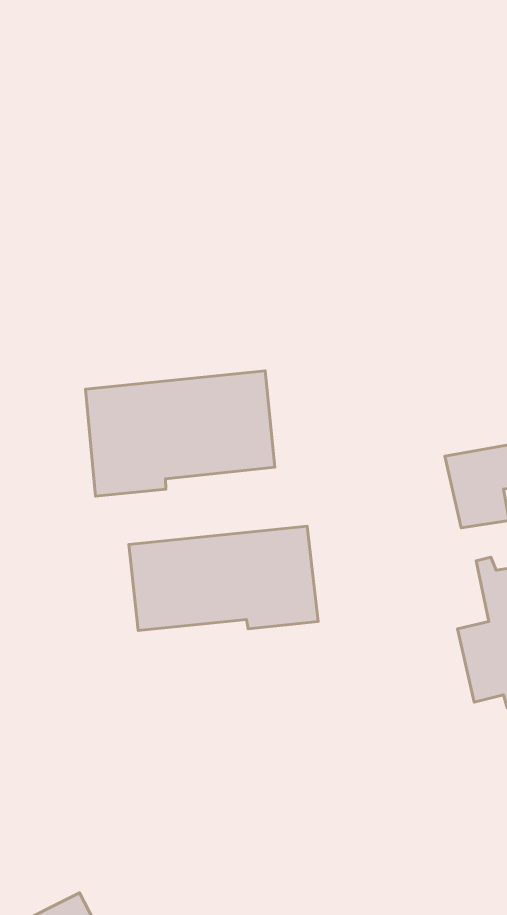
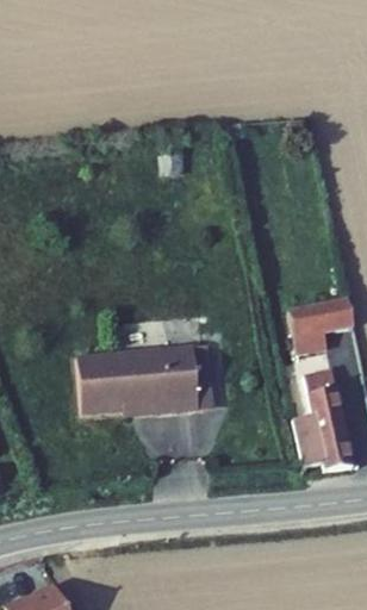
building: [86,371,275,496] -> none

